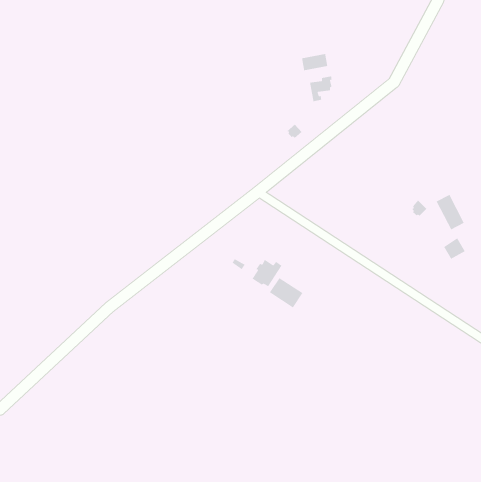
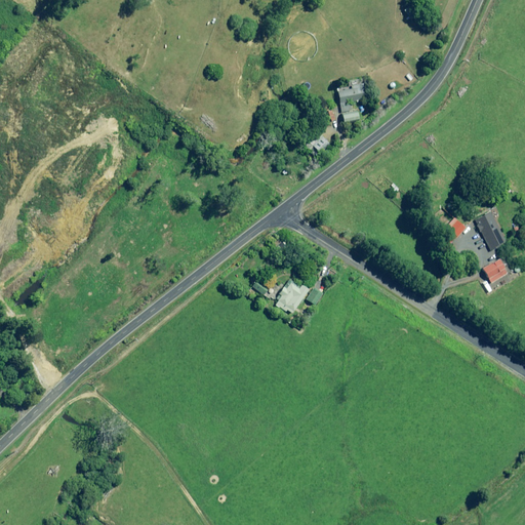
building: [301,53,328,71] -> none
building: [269,277,303,308] -> none

